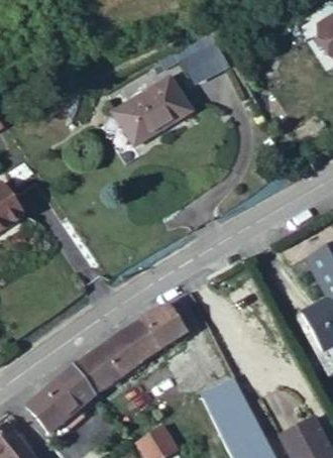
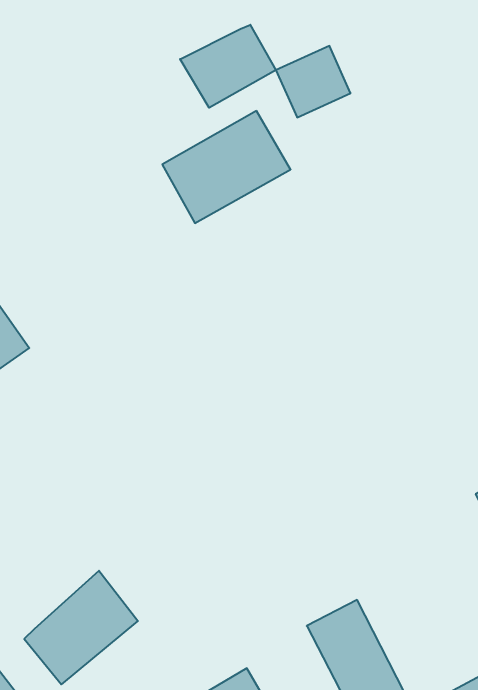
building: none -> [180,25,276,108]
building: [72,304,183,392] -> none

